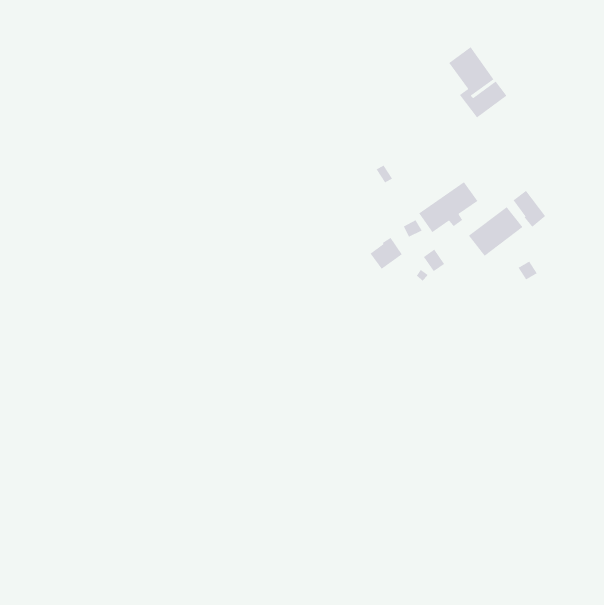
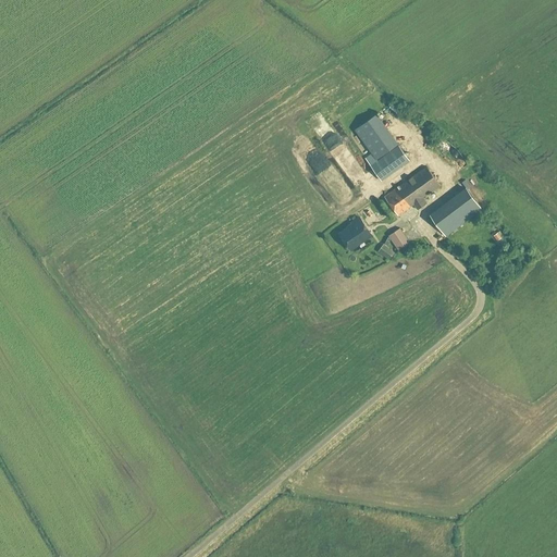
building: [448,46,508,118] -> [355,114,409,181]
building: [512,190,546,228] -> none

